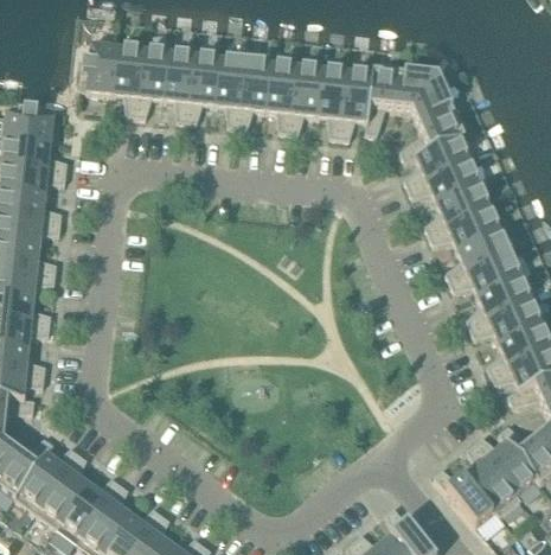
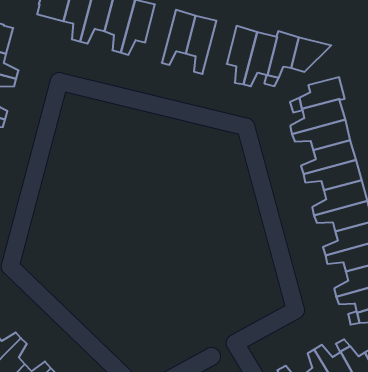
building: [216,55,246,123] -> none
building: [290,63,322,130] -> none
building: [412,71,455,123] -> none

